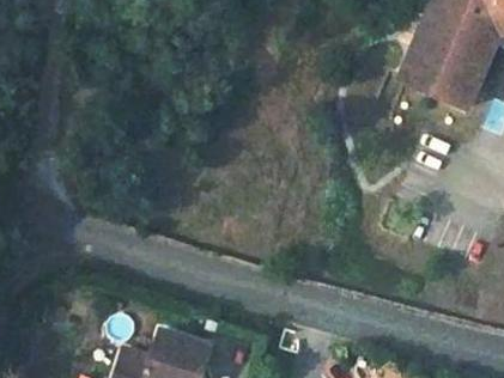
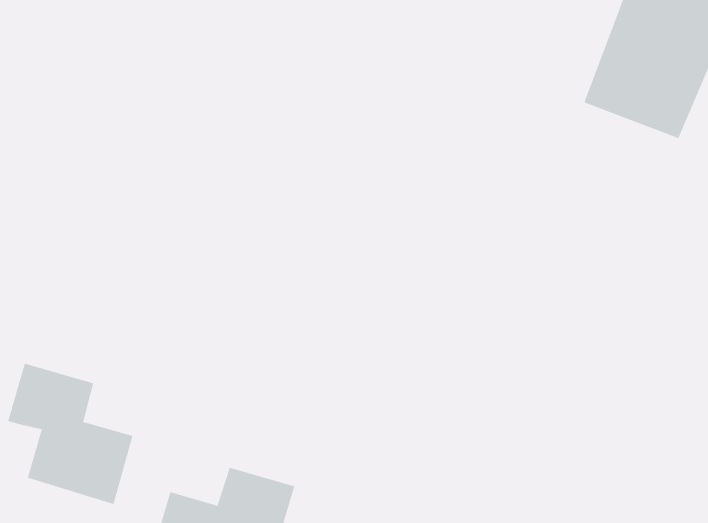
building: none -> [8,363,133,505]

